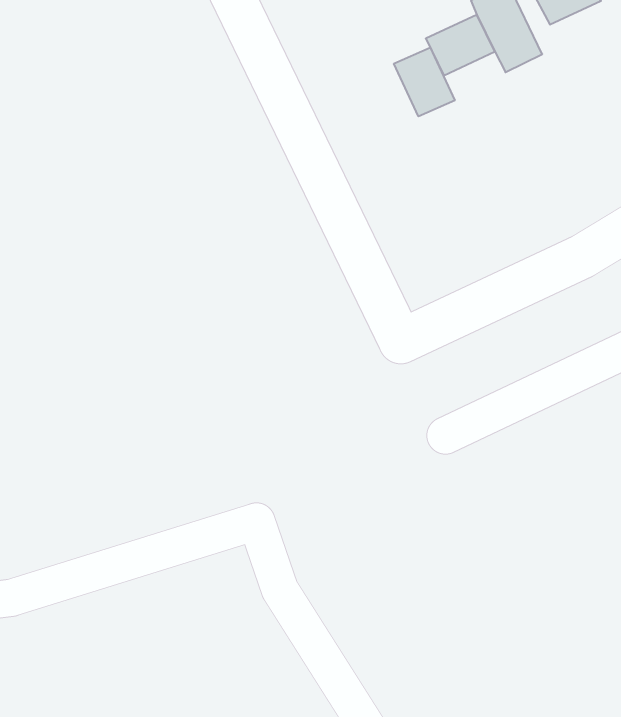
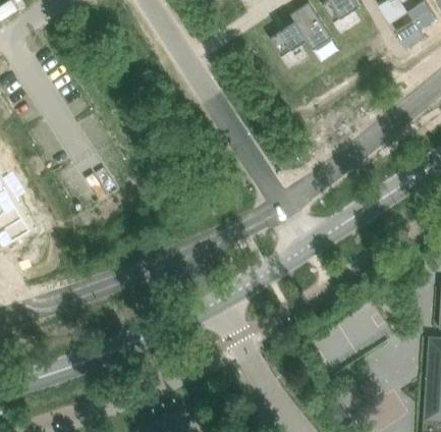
building: [394,47,455,116] -> none

